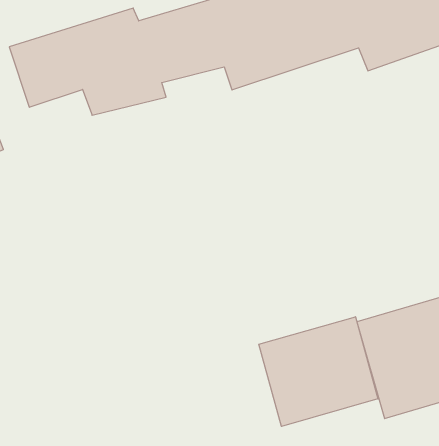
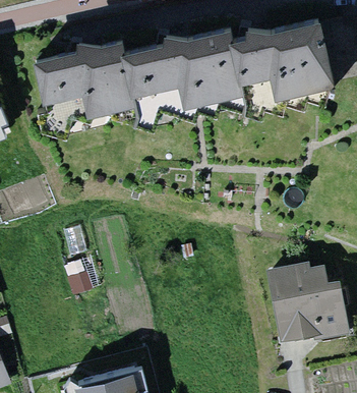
building: [259,317,378,426] -> none

